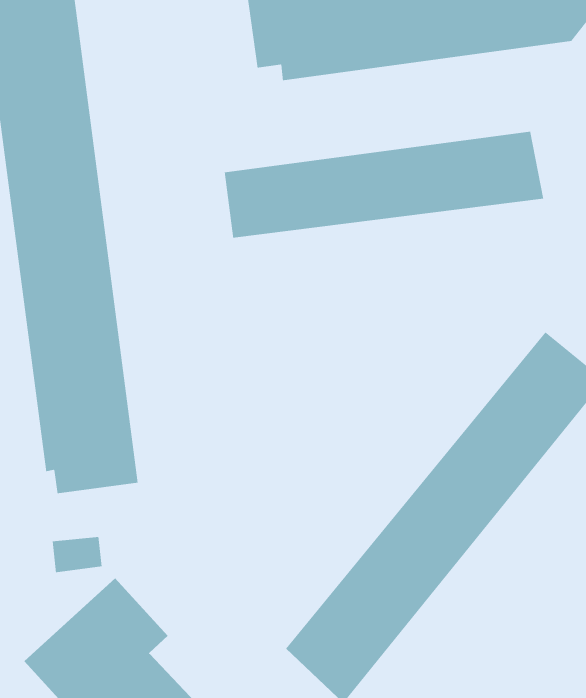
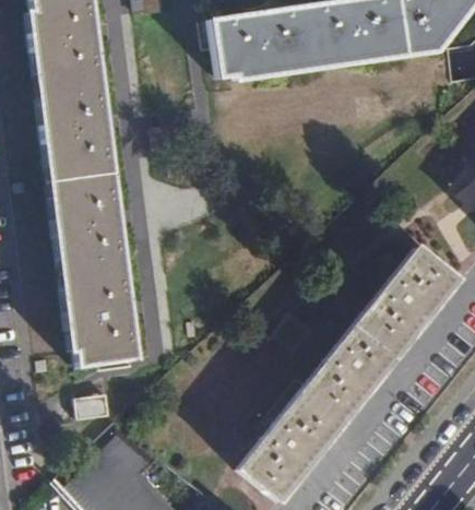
building: [224,131,544,239] -> none

